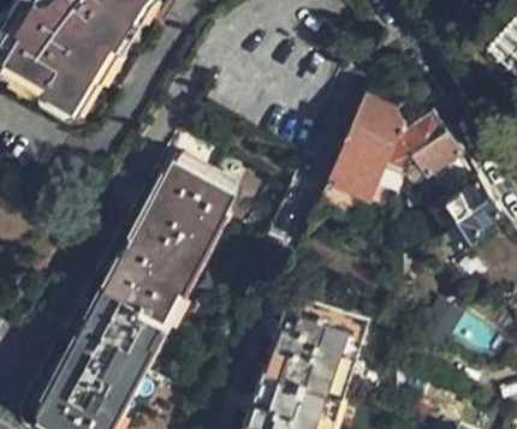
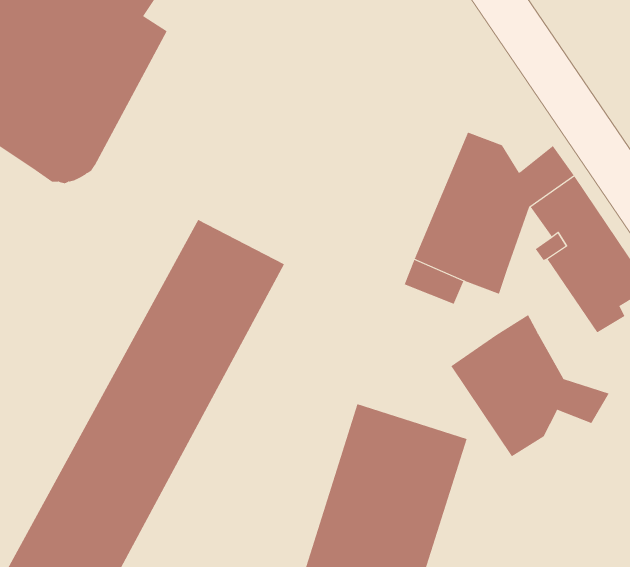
building: none -> [450,314,609,457]

